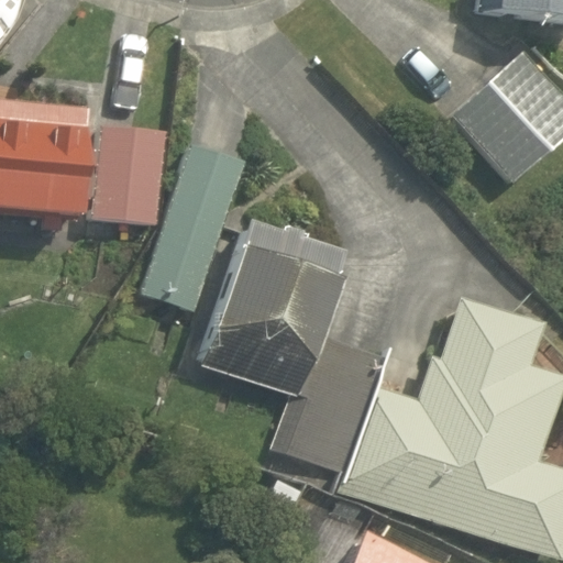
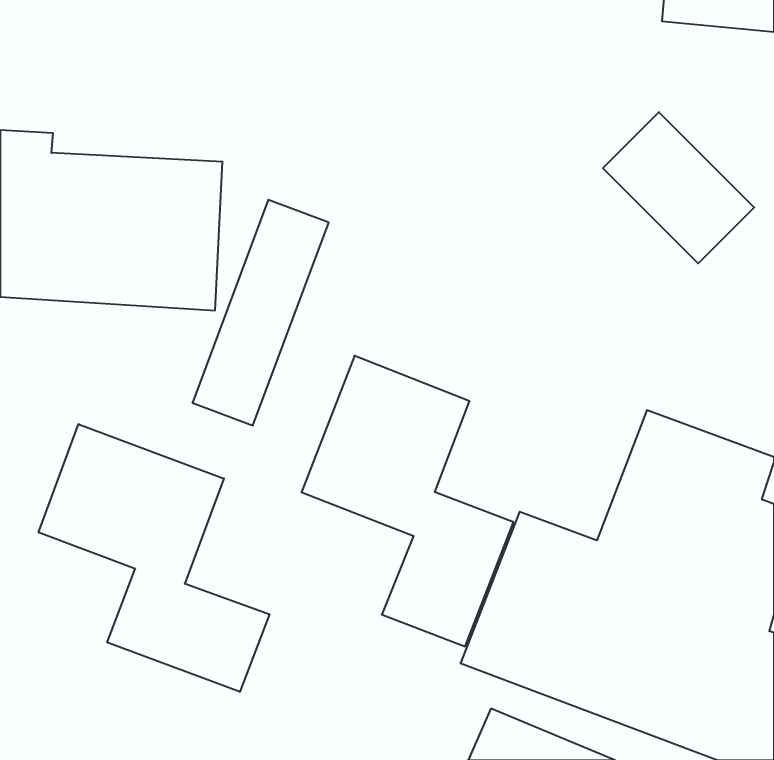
building: none -> [39,424,270,692]

